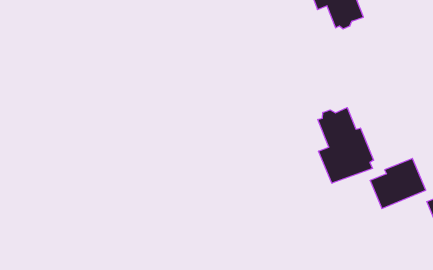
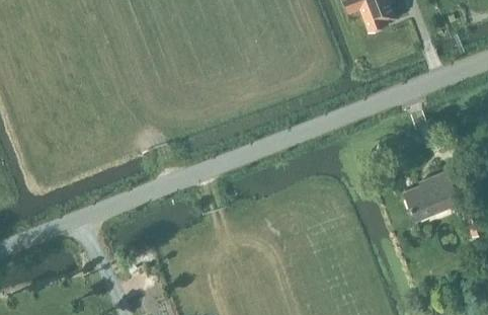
building: [318,108,374,183] -> none

